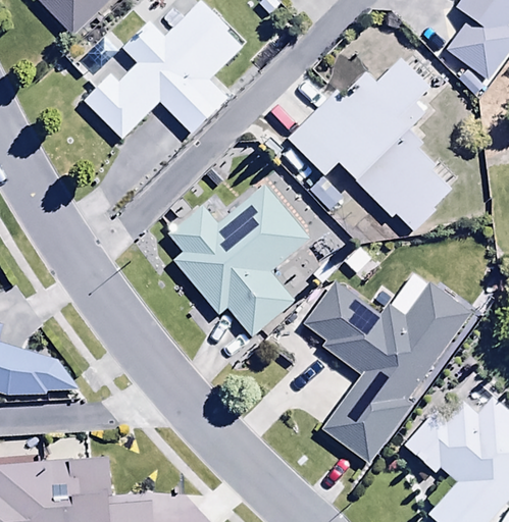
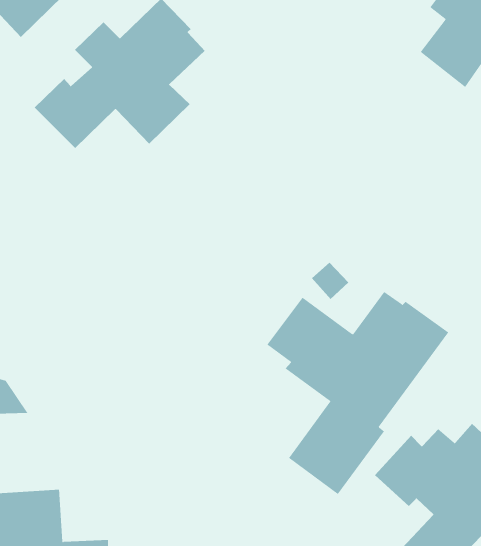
building: [288,58,452,231] -> none
building: [169,185,311,335] -> none

